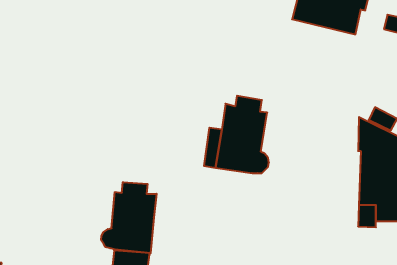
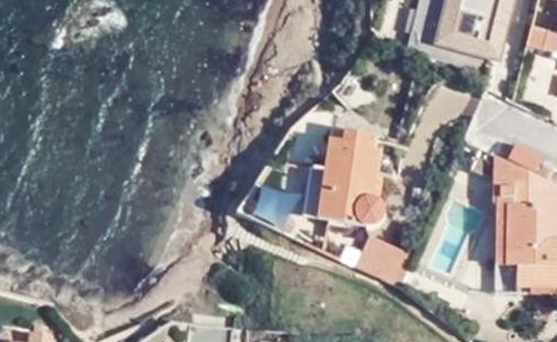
building: none -> [357,234,415,285]
building: [101,182,157,253] -> none

